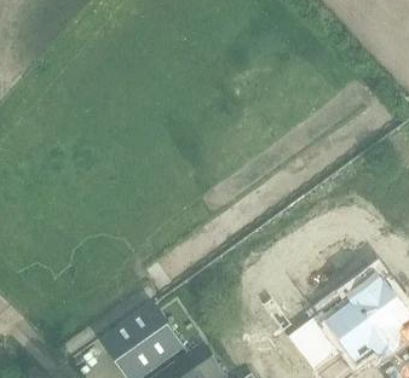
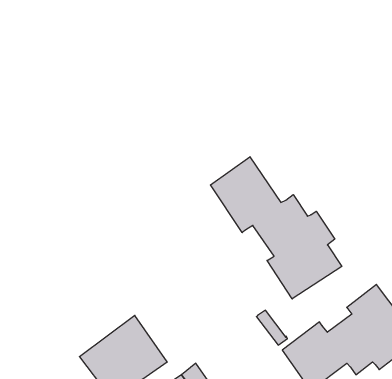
building: none -> [210,157,342,299]

